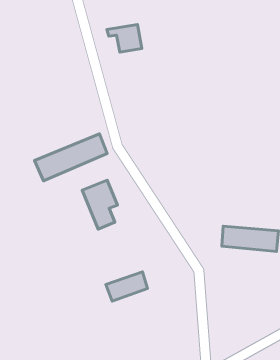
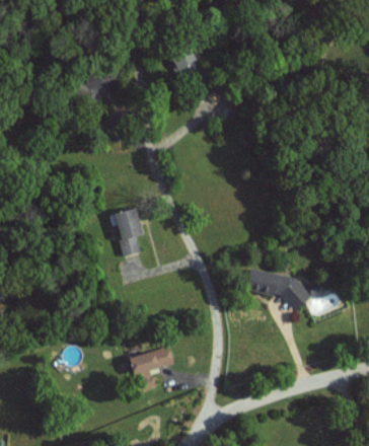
building: [34,134,107,181] -> none
building: [106,272,148,301] -> [130,348,172,374]

